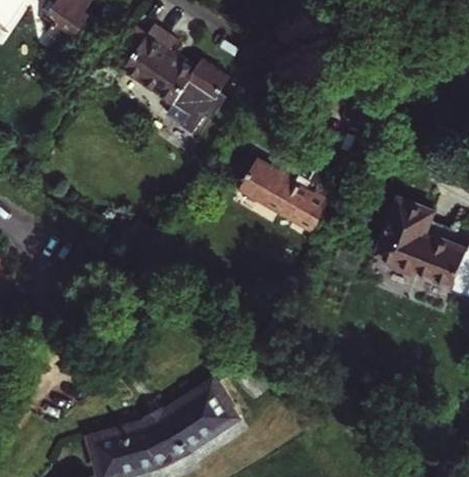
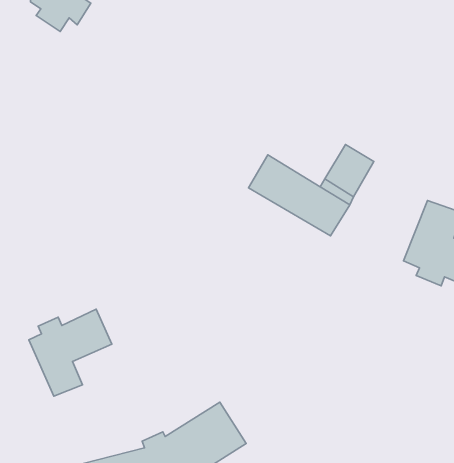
building: [124,27,228,134] -> none
building: none -> [29,309,112,396]

